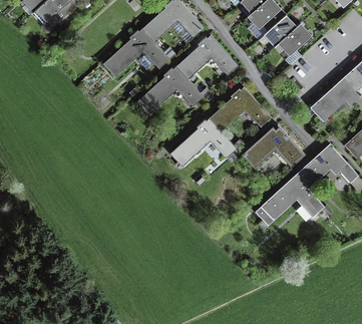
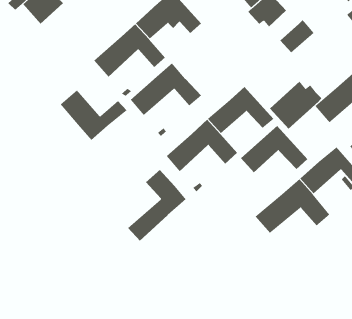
building: [264,15,296,46] -> none
building: [176,34,238,79] -> none
building: none -> [269,81,322,130]
building: none -> [60,89,127,141]
building: none -> [127,169,187,241]

